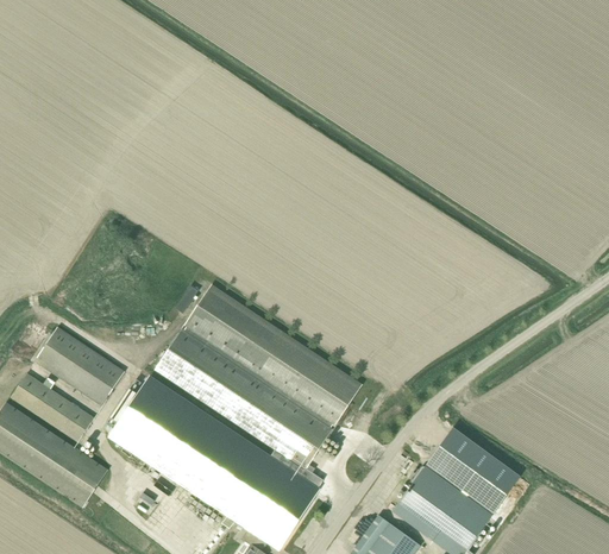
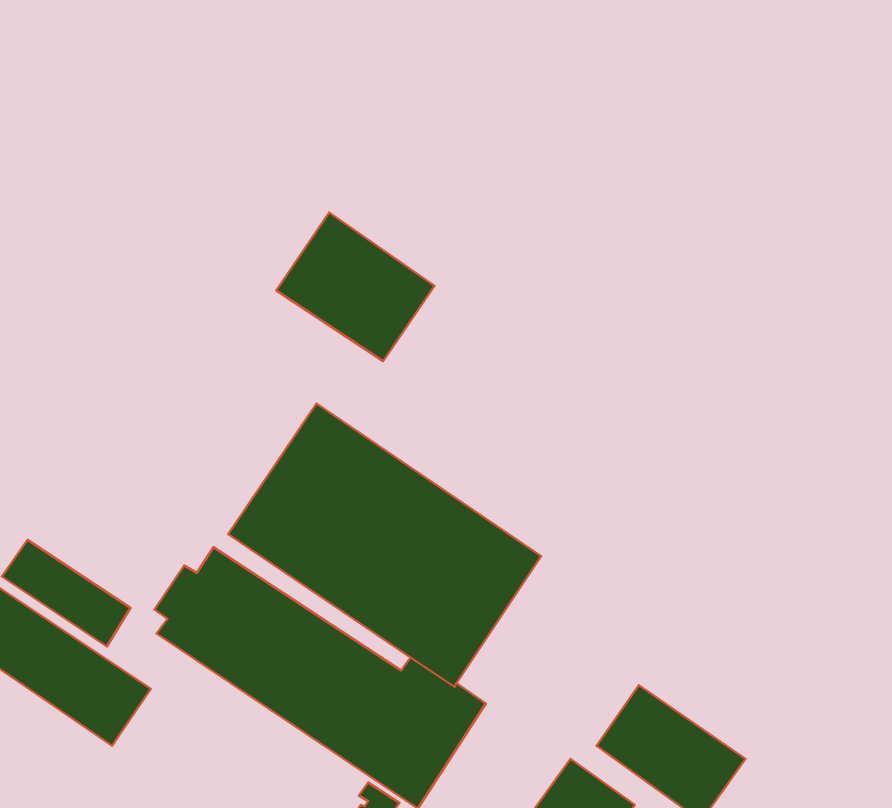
building: none -> [276,212,434,361]
building: [34,327,125,405] -> none
building: [425,436,513,512] -> none

